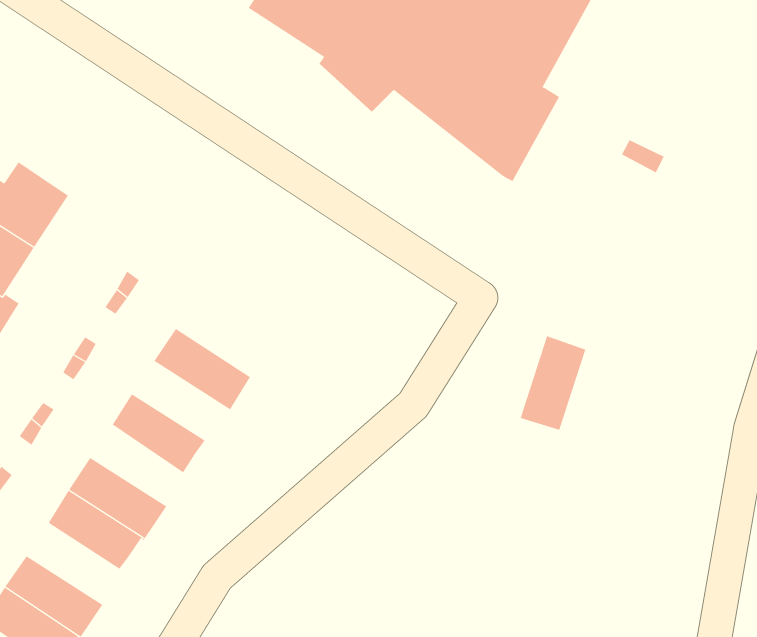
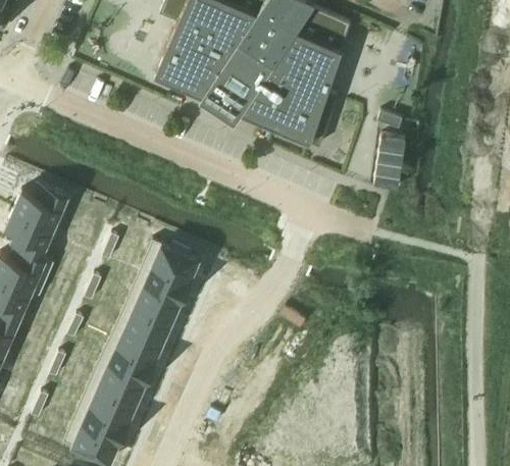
building: none -> [142,243,196,284]
building: [520,336,586,430] -> [372,139,403,191]
building: none -> [123,284,181,324]
building: none -> [106,324,160,365]
building: none -> [80,385,134,426]

